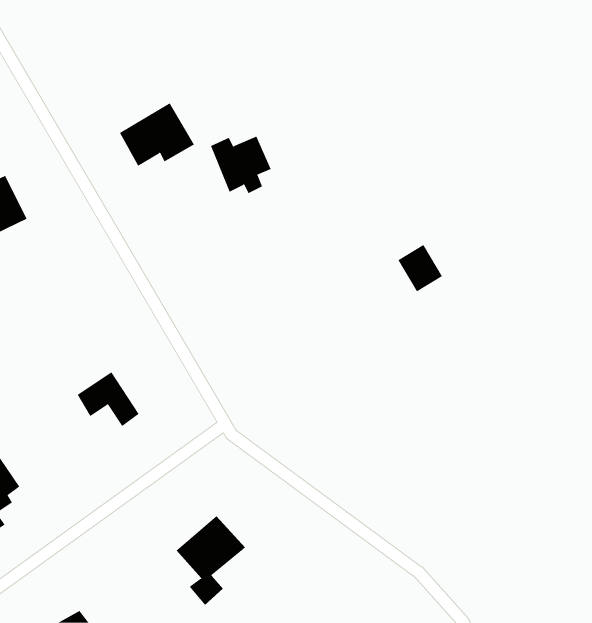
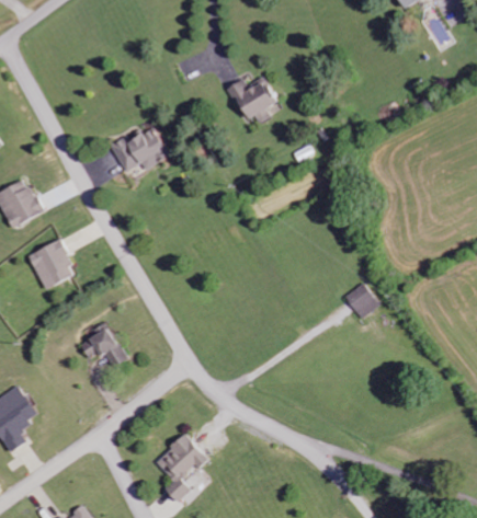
building: [210,136,271,194] -> [229,78,275,122]
building: [398,244,443,292] -> [343,283,377,319]
building: none -> [29,240,77,289]

